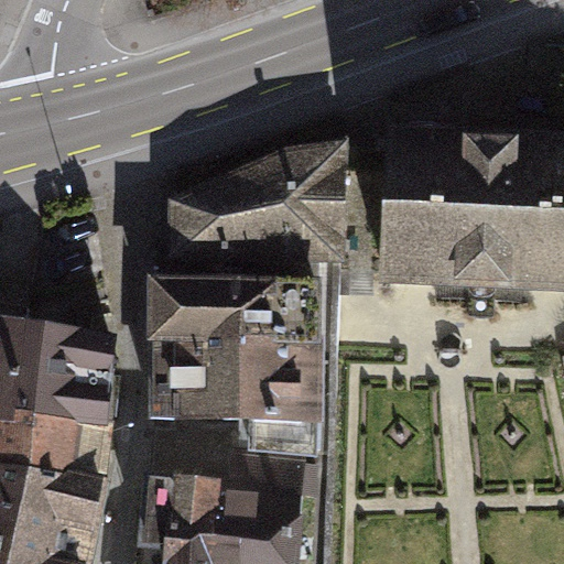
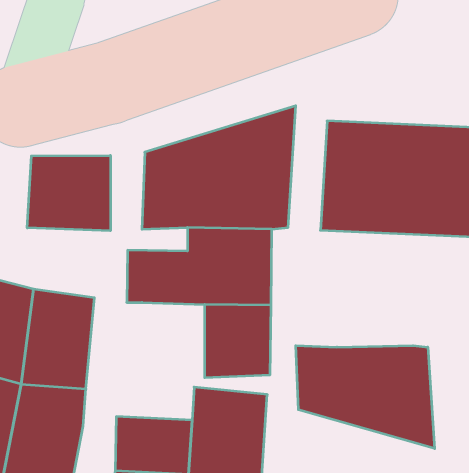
building: none -> [27,155,110,231]
building: [166,364,239,451] -> none
building: none -> [296,346,435,449]

